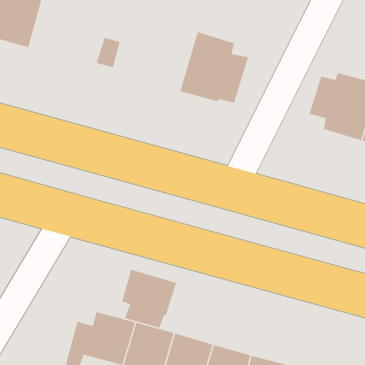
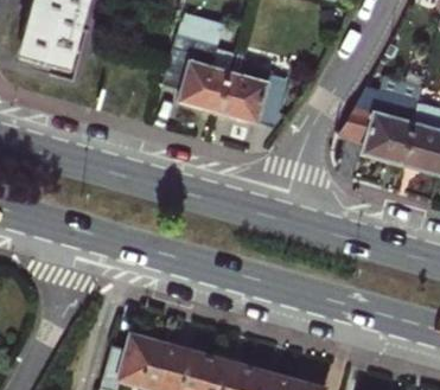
building: none -> [166,33,238,114]
building: [122,269,177,329] -> none

